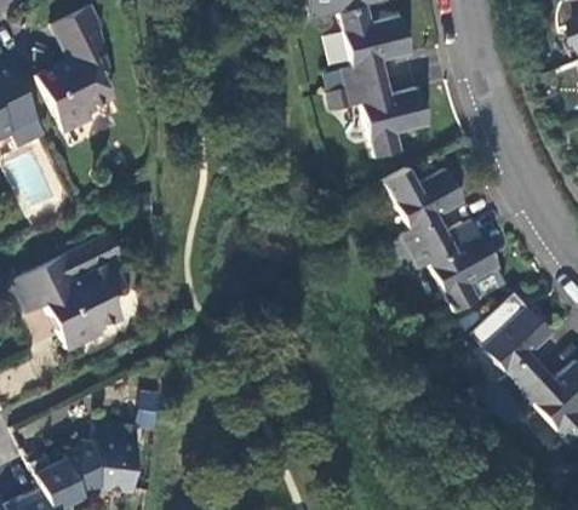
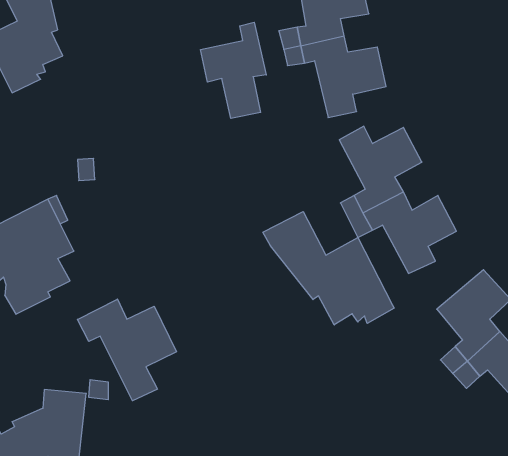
building: none -> [201,22,266,118]
building: none -> [263,212,394,325]
building: none -> [77,299,176,401]

